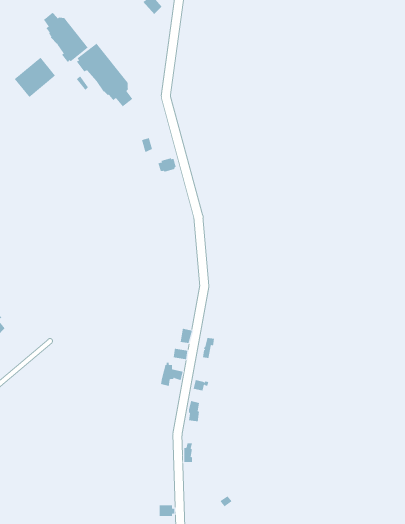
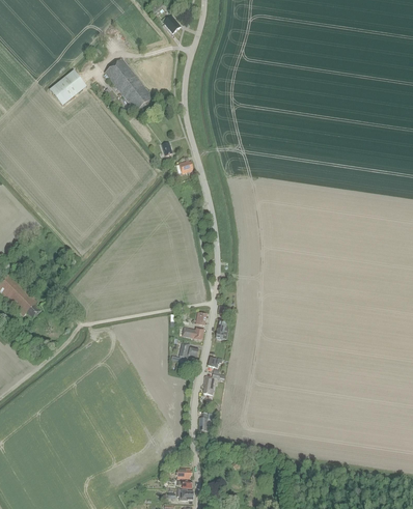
building: [43,12,89,63] -> none

